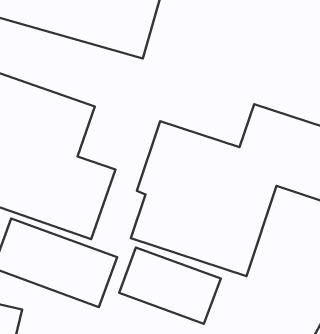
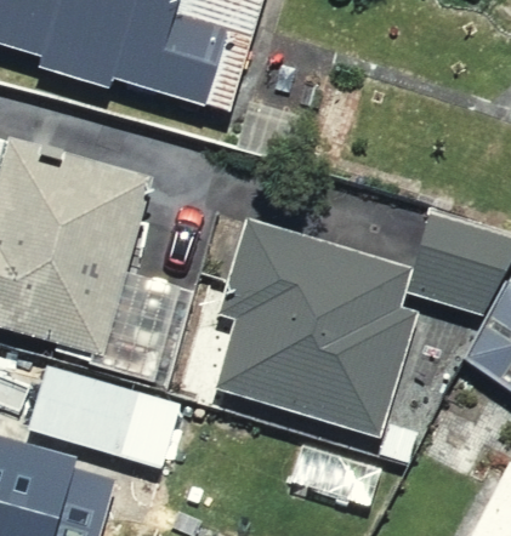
building: [119,247,221,324] -> none

